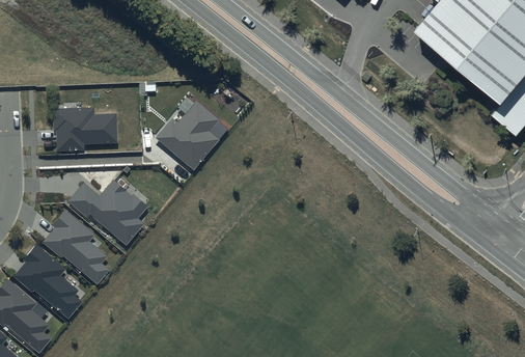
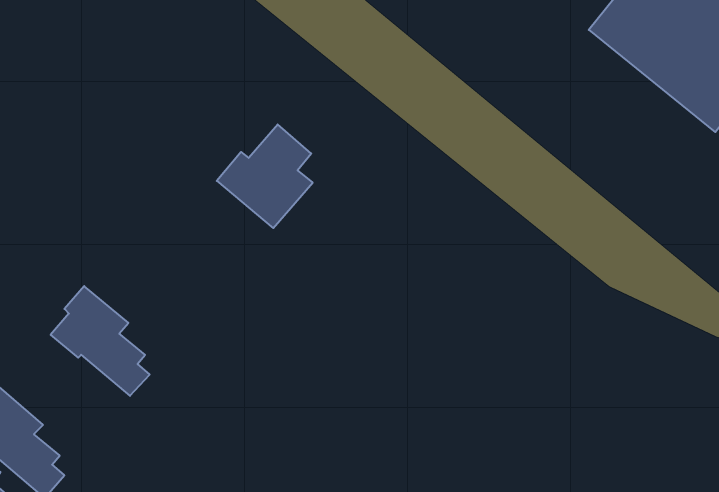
building: [52,107,117,150] -> none
building: [67,180,148,245] -> none
building: [15,243,82,319] -> none

